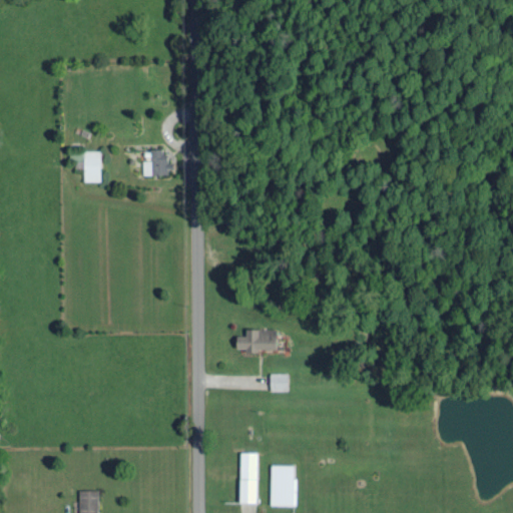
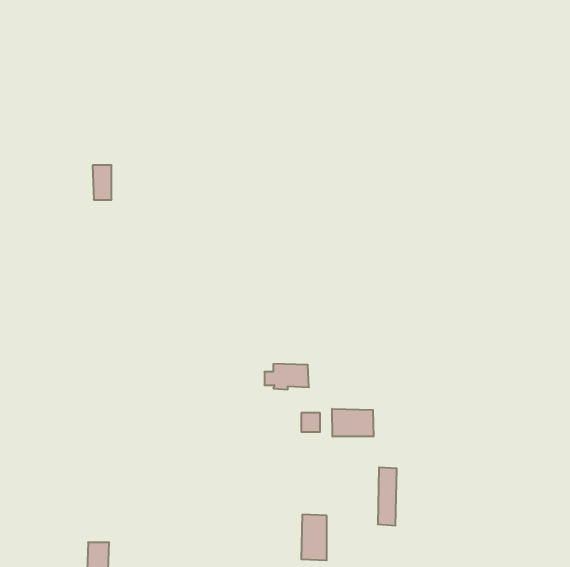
building: [142,149,171,175] -> none
building: none -> [332,409,373,437]
building: [240,452,258,504] -> [378,467,397,525]

